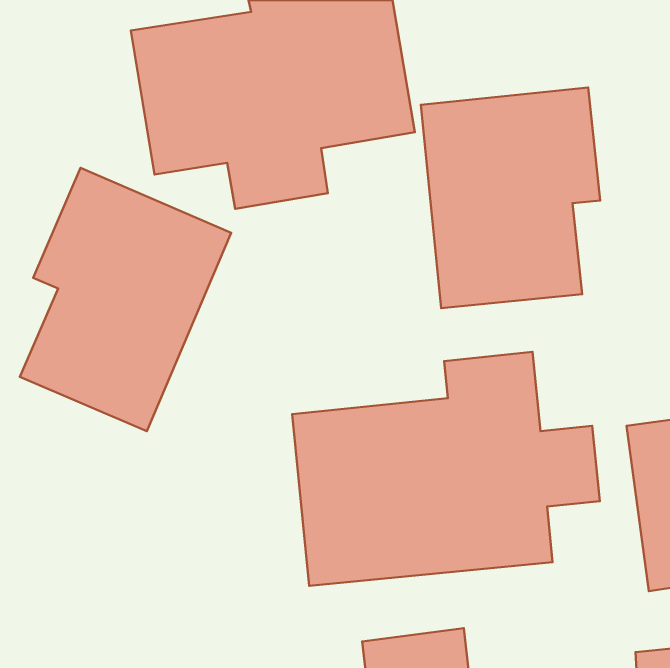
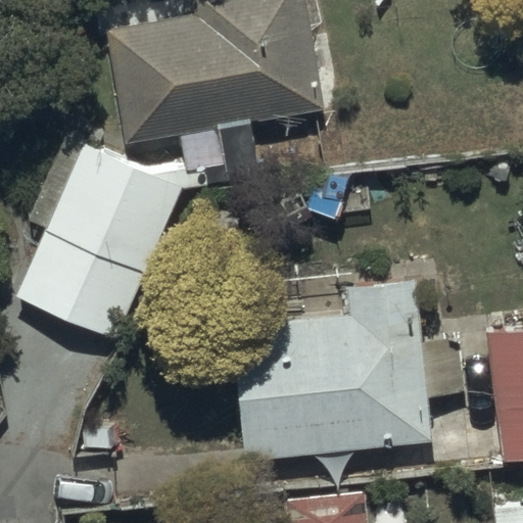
building: [421,88,600,308] -> none

